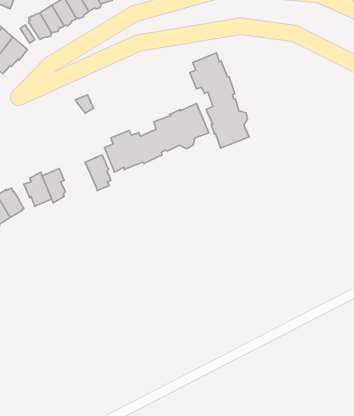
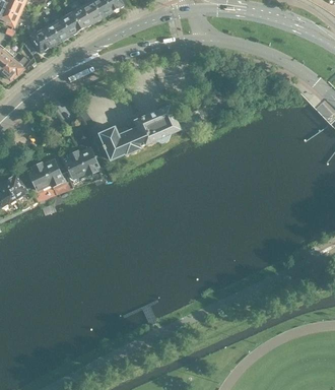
building: [190,53,249,148] -> none
building: none -> [63,150,86,180]

